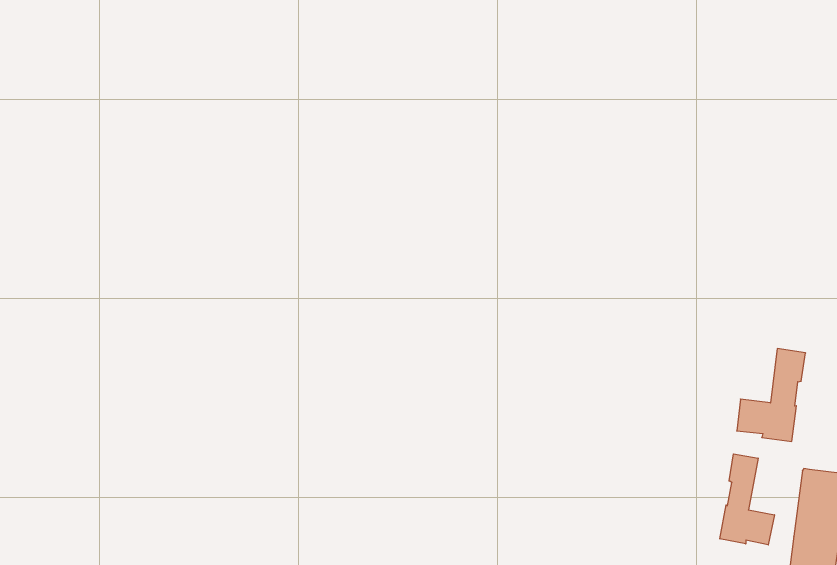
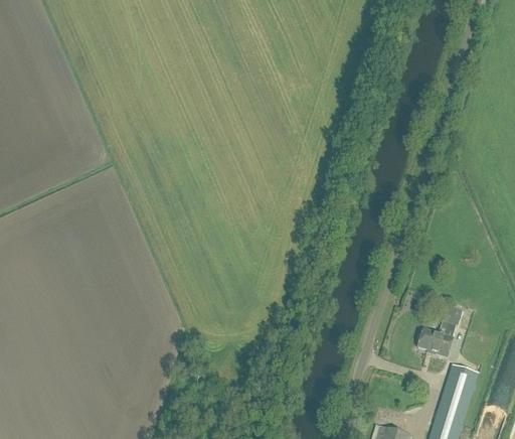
building: [720,454,774,545] -> none

